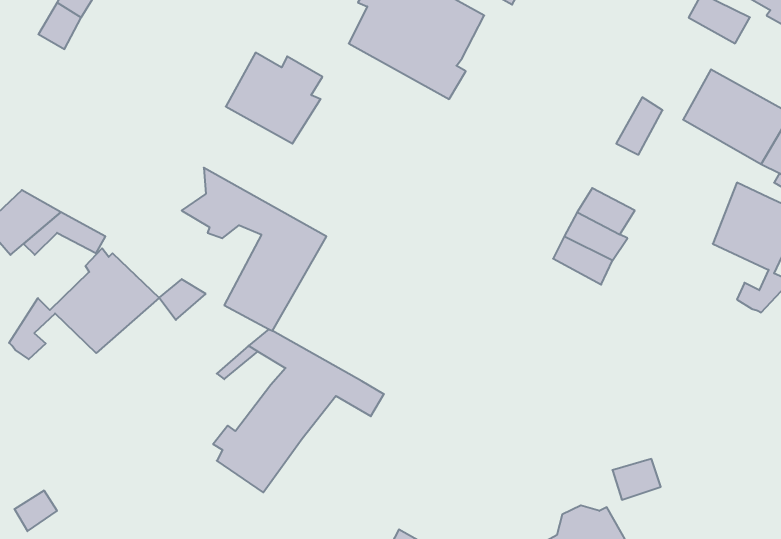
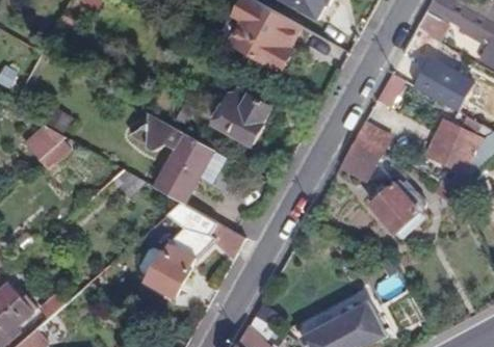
building: [226,53,322,144] -> [212,94,266,144]
building: [9,248,159,359] -> none
building: none -> [371,174,427,226]

